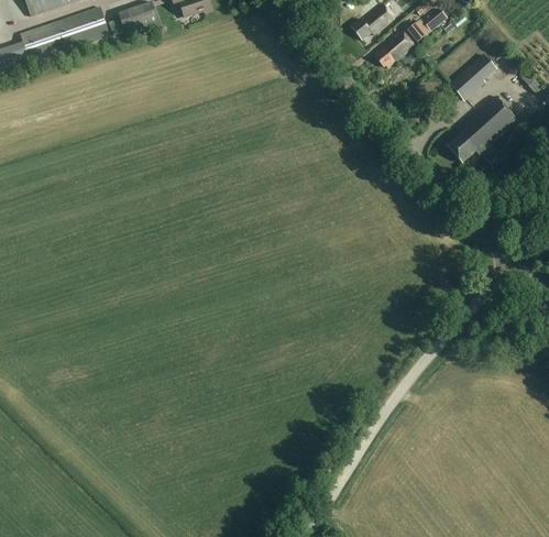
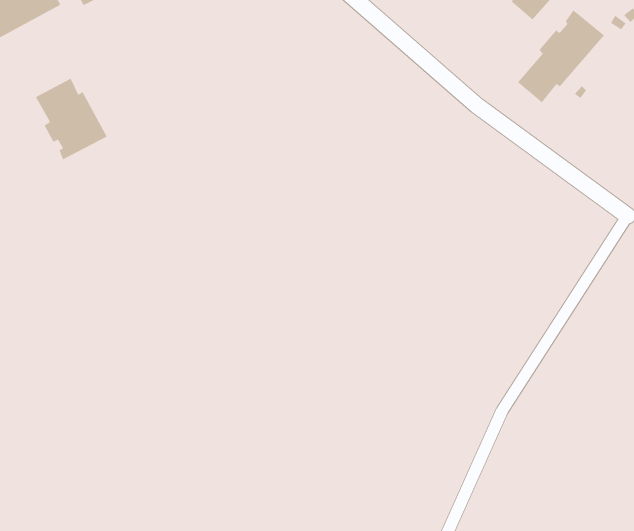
building: none -> [35,78,107,160]

